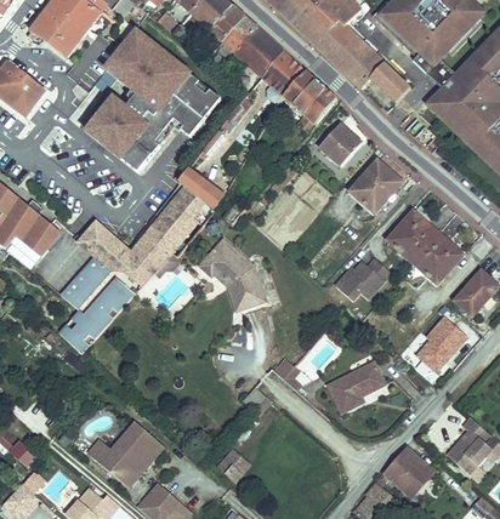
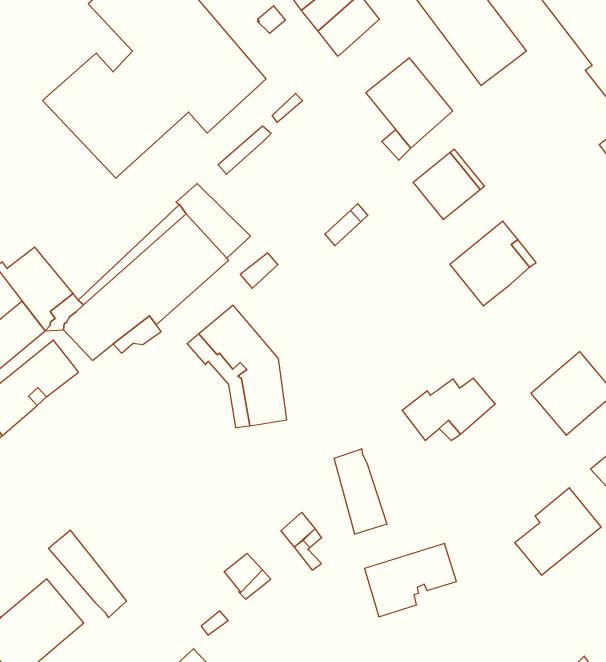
building: [262,49,305,104] -> none
building: [351,53,410,102] -> none
building: [387,210,437,261] -> none
building: none -> [334,449,387,534]
building: none -> [49,530,127,618]

